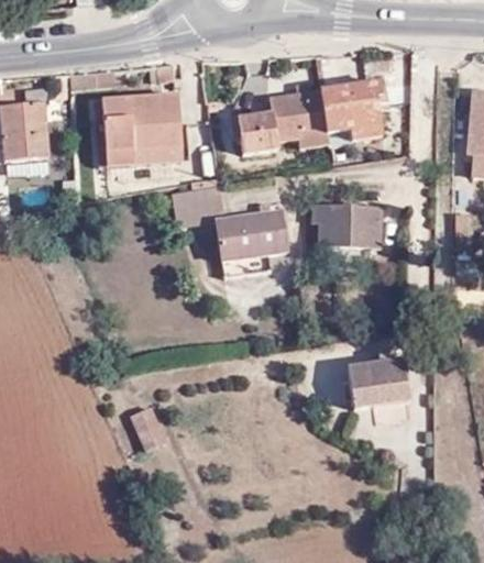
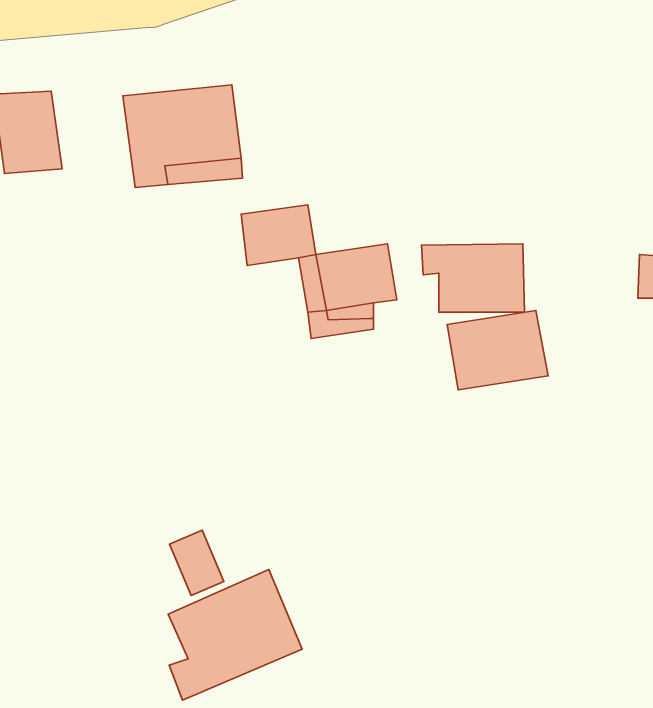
building: [242,75,385,152] -> none
building: [339,361,410,417] -> [447,310,548,390]
building: none -> [168,570,302,700]

